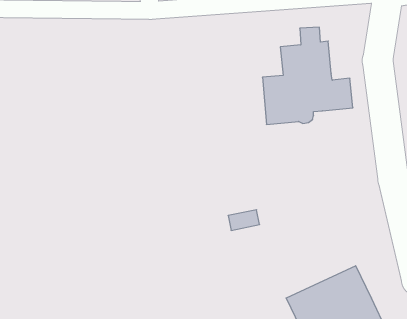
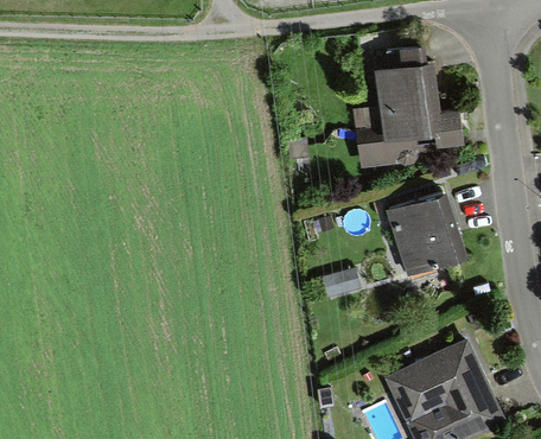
building: none -> [387,191,464,273]

